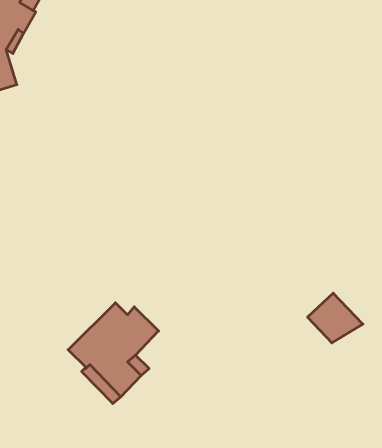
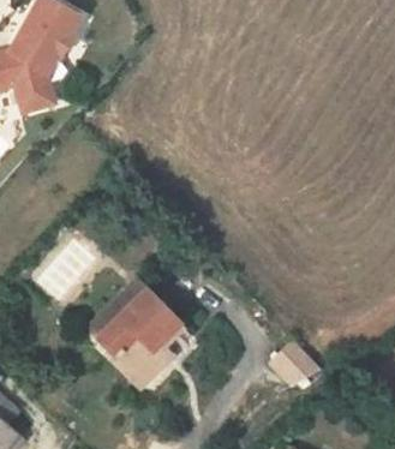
building: none -> [90,280,160,339]
building: [308,293,363,343] -> [273,341,322,385]

